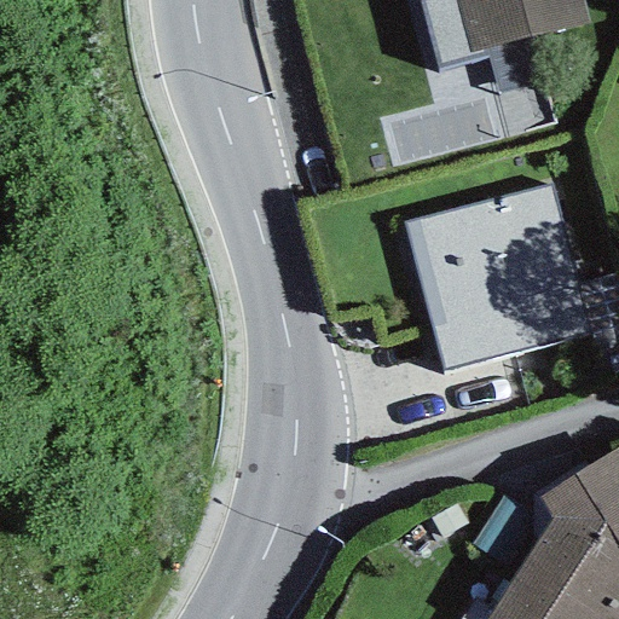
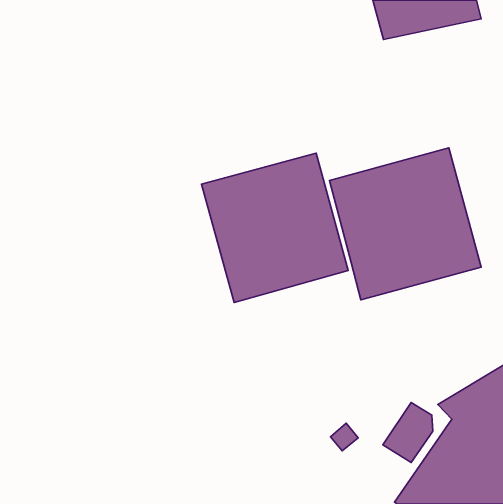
building: none -> [202,153,348,303]

